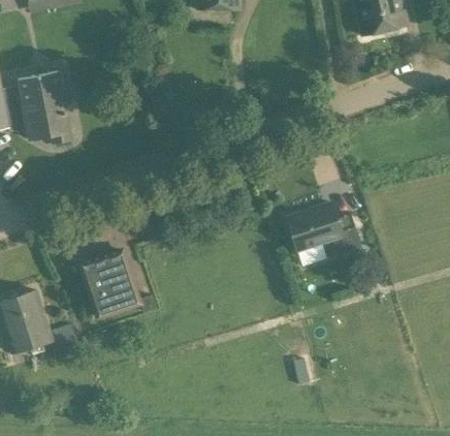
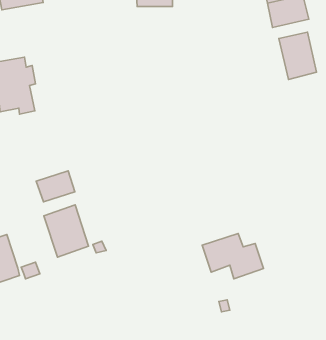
building: none -> [279,32,316,79]
building: [286,201,361,257] -> [202,233,263,279]
building: none -> [36,171,75,202]

